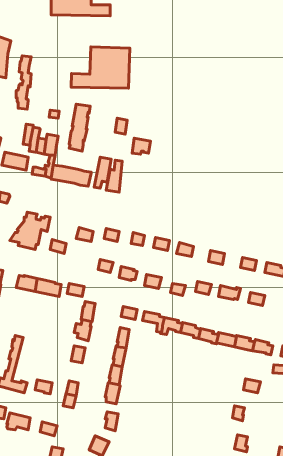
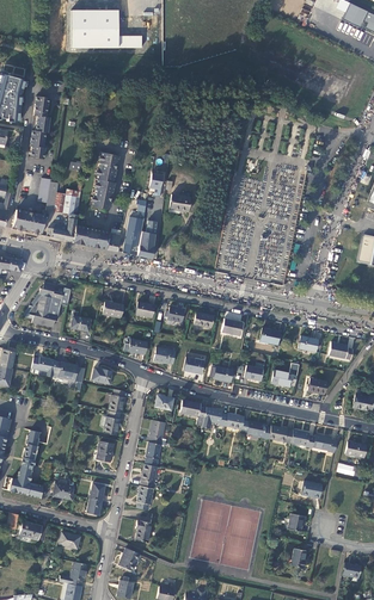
building: [71,47,130,88] -> none

